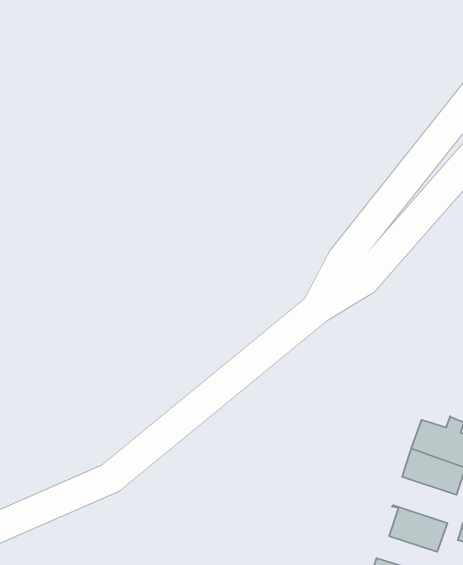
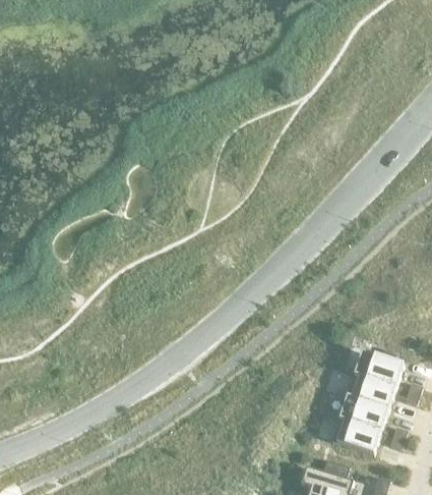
building: none -> [337,396,387,433]

